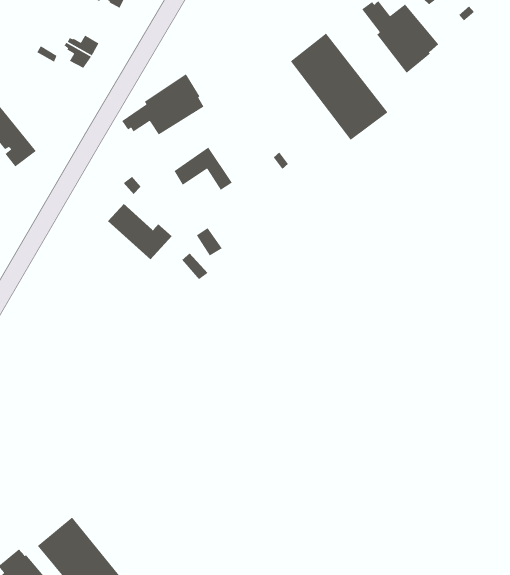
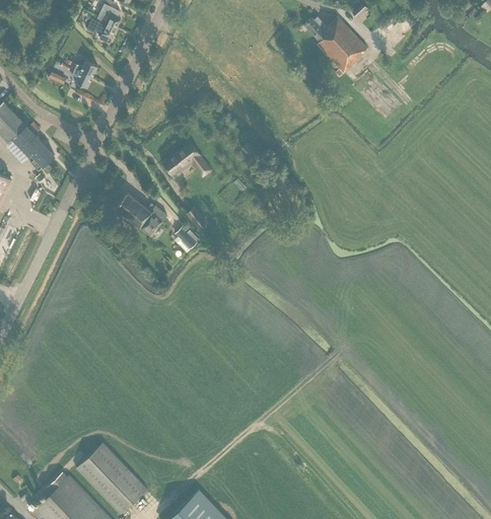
building: [290,32,388,141] -> none
building: [121,73,205,136] -> none

